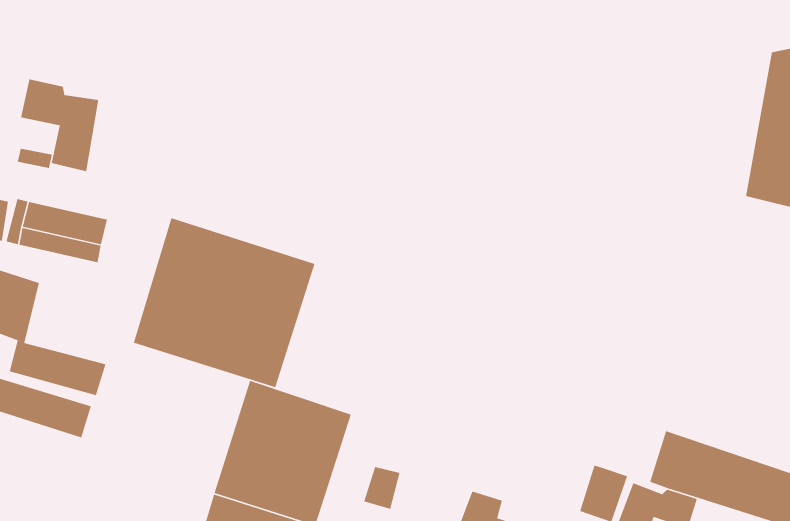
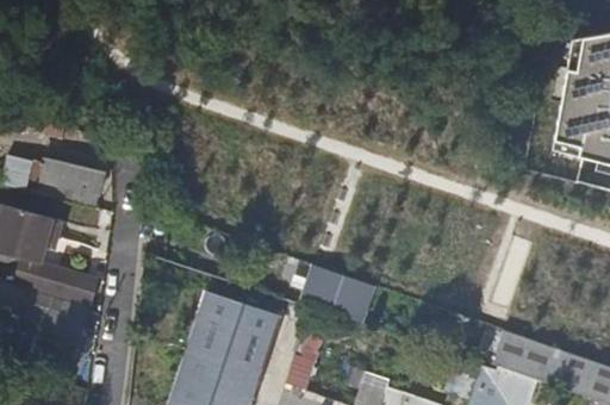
building: [20,79,99,172] -> none
building: [133,217,315,388] -> none
building: none -> [300,263,373,323]

